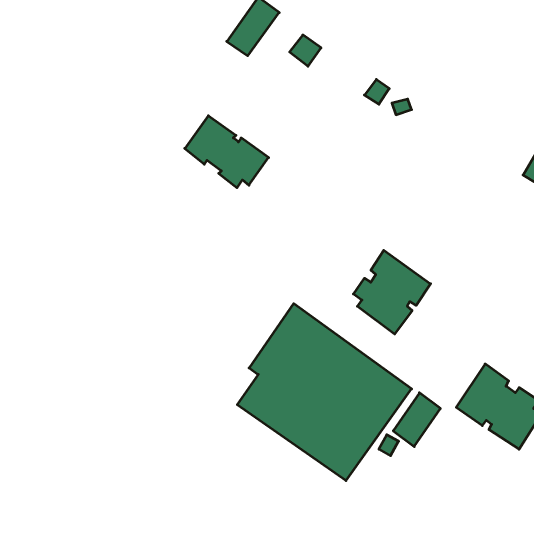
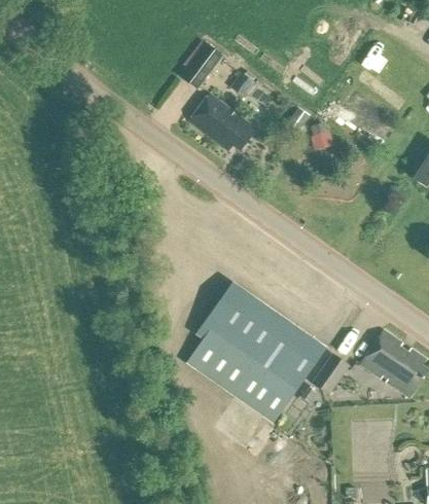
building: [185,116,269,188] -> [187,98,253,154]
building: [353,250,431,334] -> none

